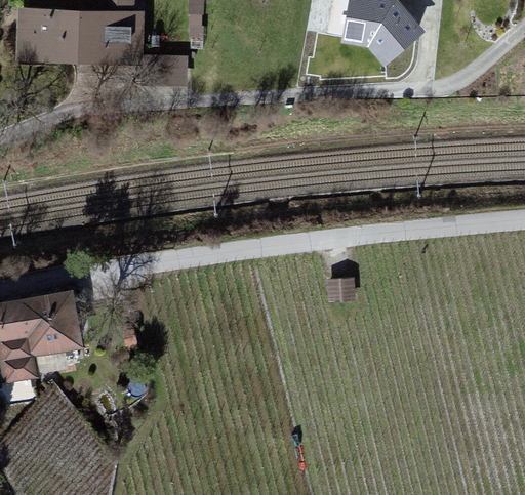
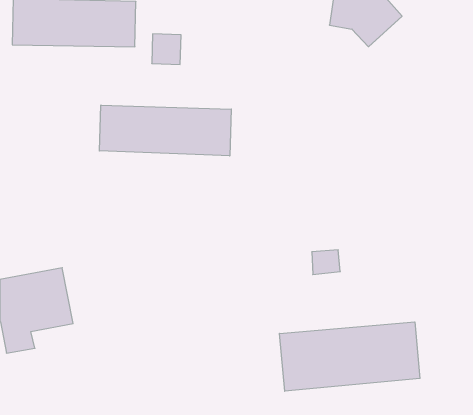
building: none -> [99,105,231,156]
building: none -> [279,322,420,391]

